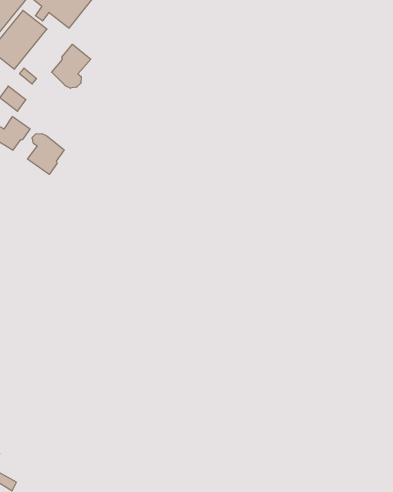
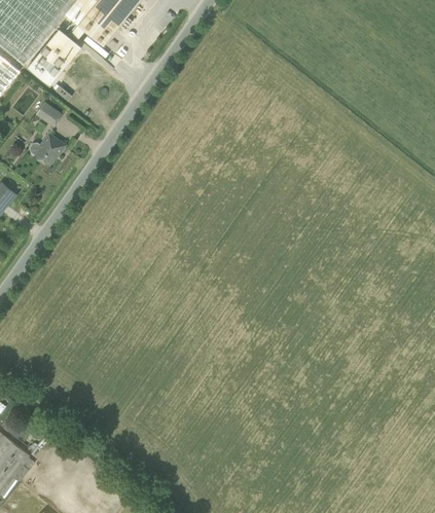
building: [52,44,91,88] -> none
building: [28,134,64,174] -> none

